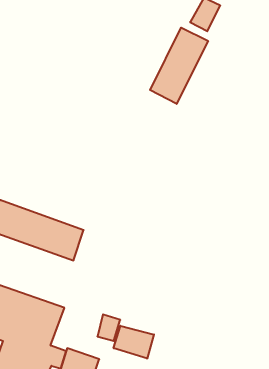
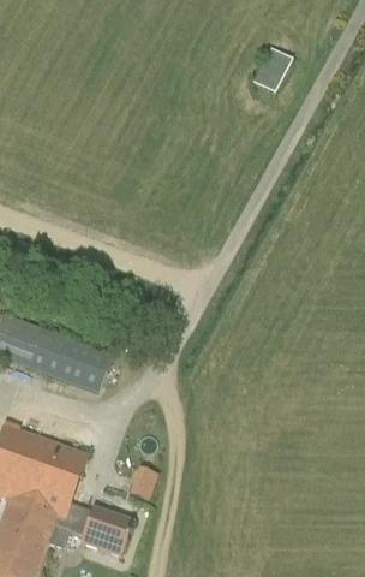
building: [150,28,208,104] -> none
building: [114,326,154,359] -> none

